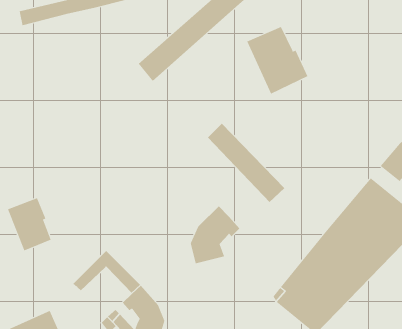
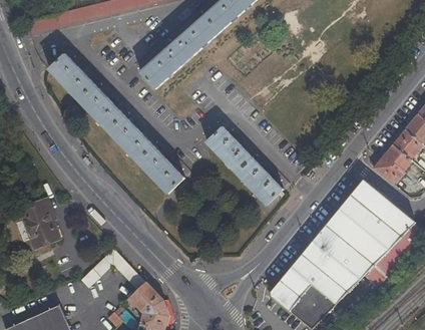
building: [246,26,308,94] -> none
building: none -> [49,54,183,193]
building: [190,206,240,264] -> none

